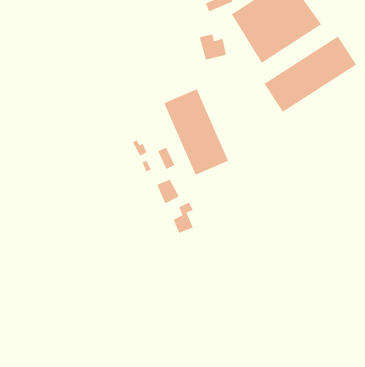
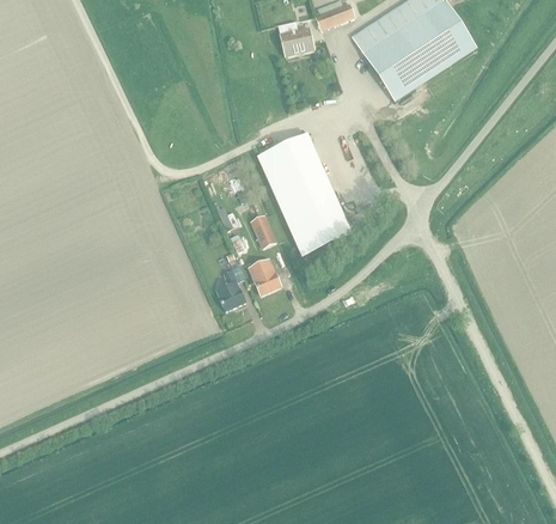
building: [199,33,227,60] -> [276,20,314,57]
building: [263,35,357,113] -> none
building: [173,202,194,234] -> [215,266,244,310]

